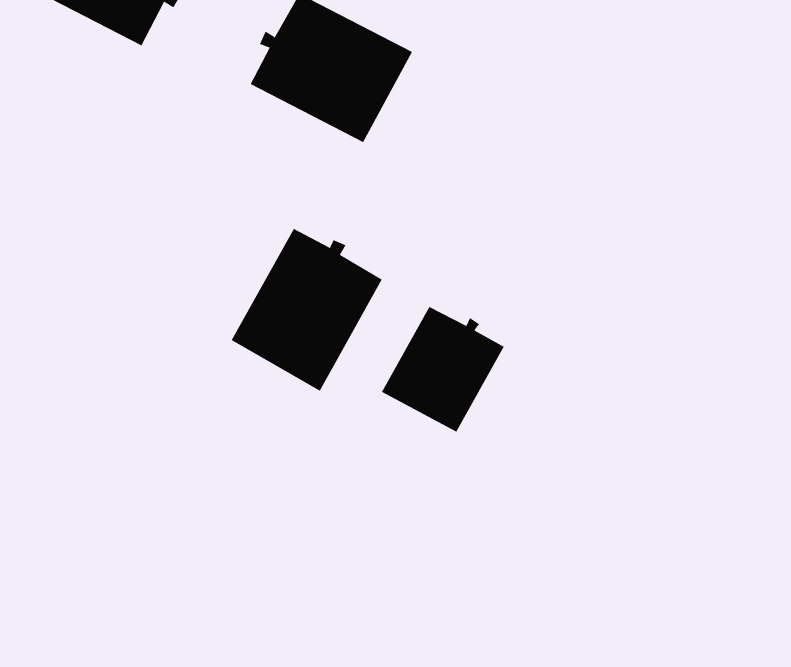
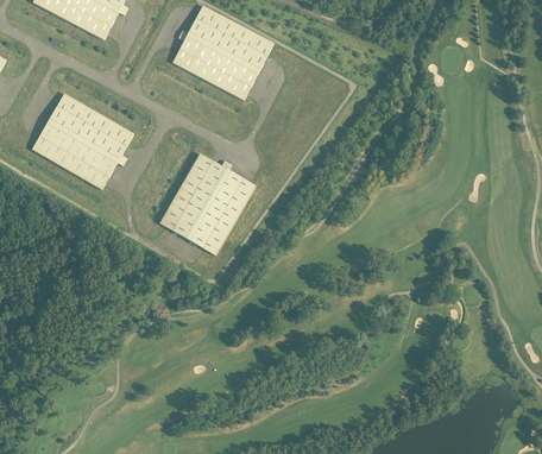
building: none -> [31,93,133,190]
building: [381,306,505,433] -> none

